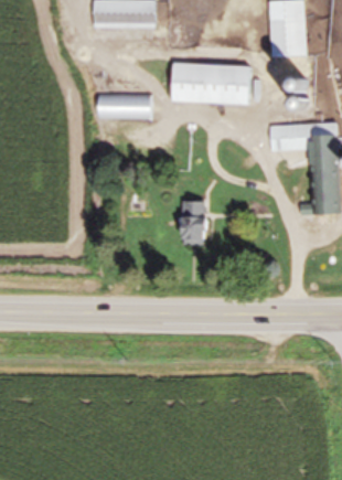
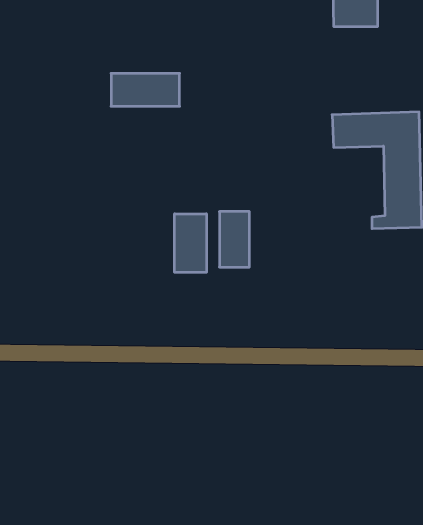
building: [172,63,249,104] -> none
building: none -> [175,214,206,272]

